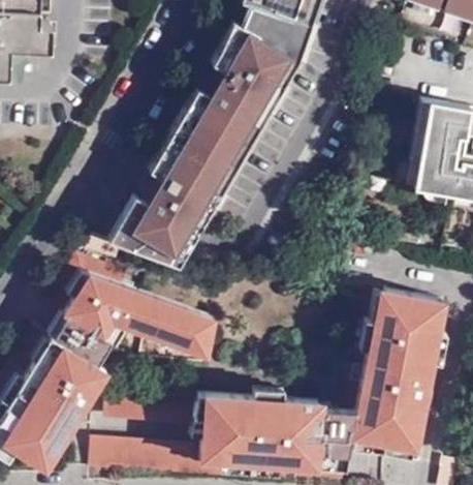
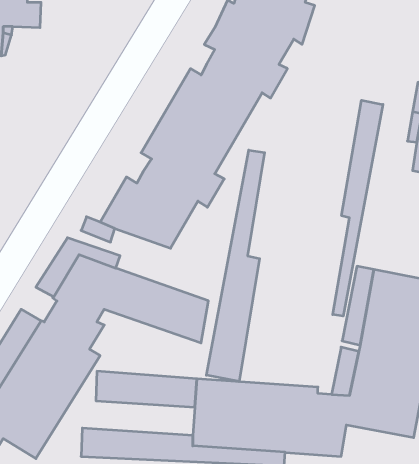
building: none -> [333,100,383,316]
building: none -> [206,150,265,382]

